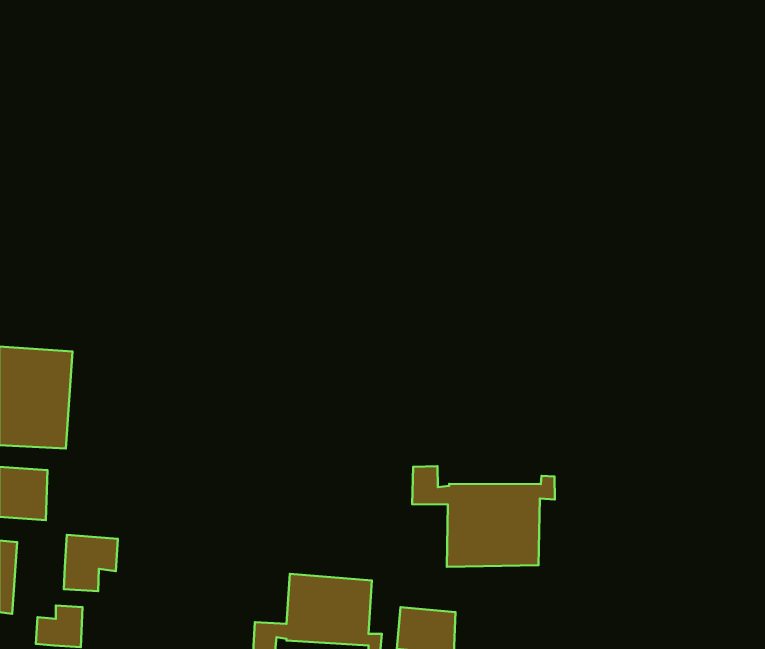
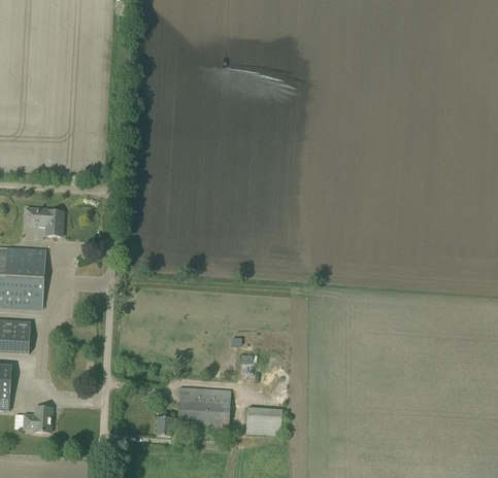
building: none -> [25,207,63,236]
building: [412,466,555,567] -> none
building: [64,535,118,591] -> none

